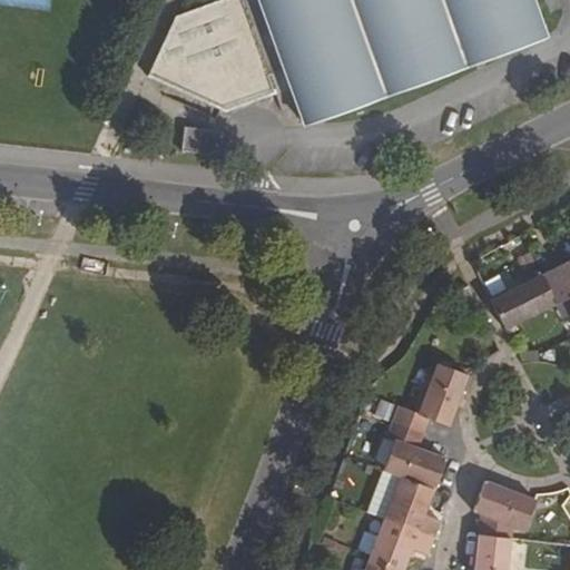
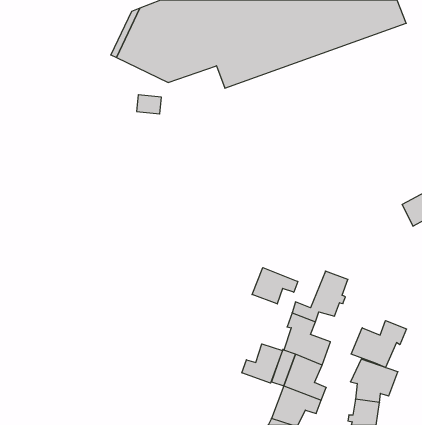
building: [492,274,557,327] -> none
building: none -> [252,268,298,304]
building: none -> [351,321,407,368]
building: none -> [242,344,283,383]

